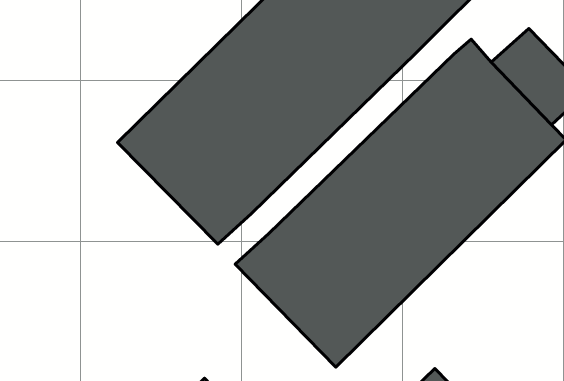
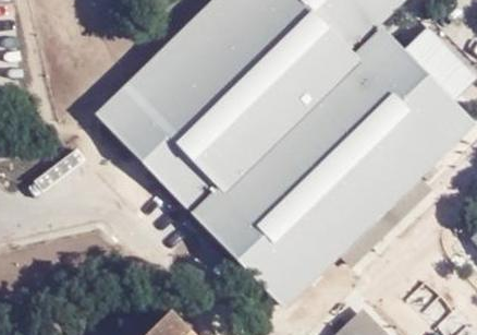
building: none -> [211,39,376,195]

